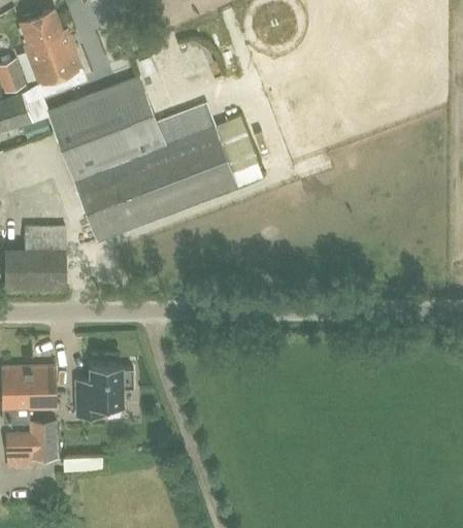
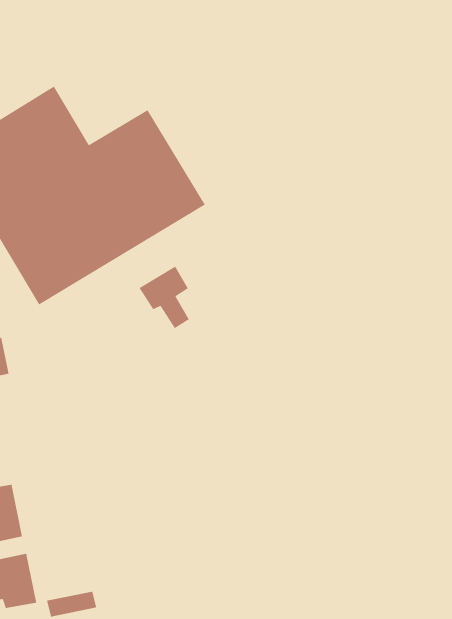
building: none -> [139,266,190,329]
building: [76,366,134,419] -> none

